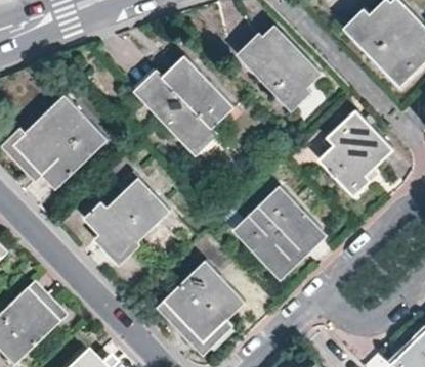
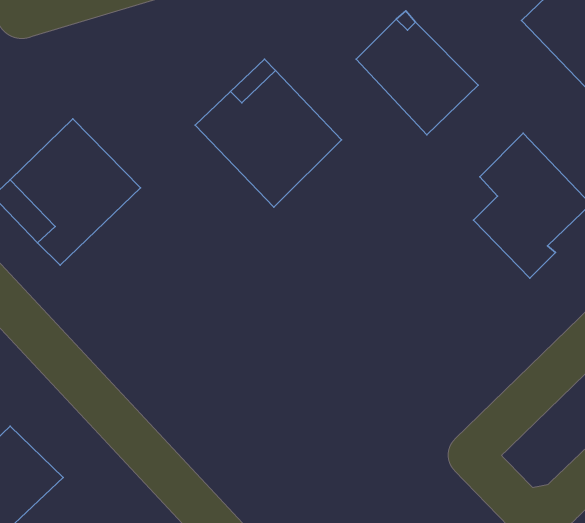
building: [84,168,170,253] -> none
building: [235,187,323,273] -> none
building: [166,261,246,341] -> none

